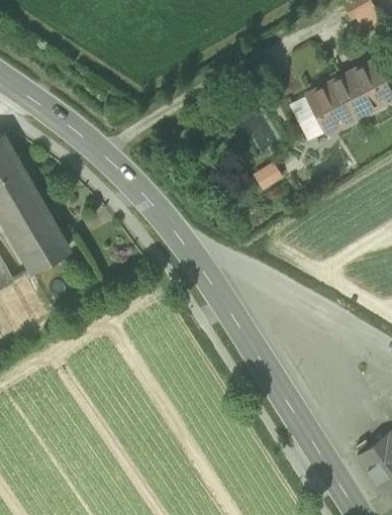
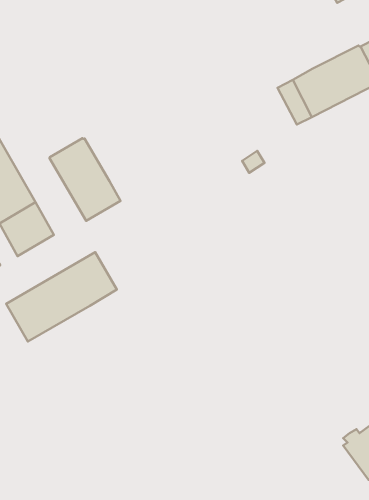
building: none -> [49,138,120,221]
building: none -> [6,252,117,341]

